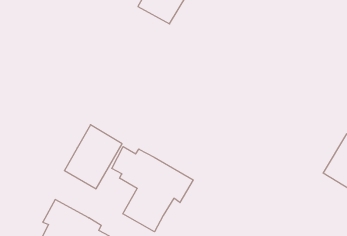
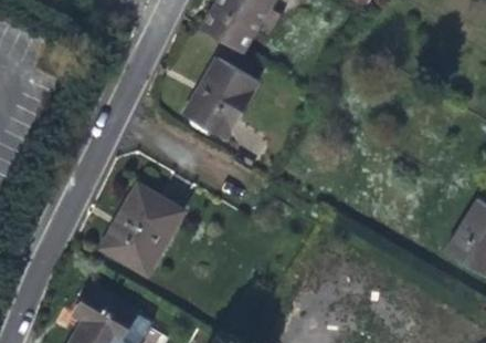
building: none -> [183,60,261,142]
building: [112,147,193,232] -> none

